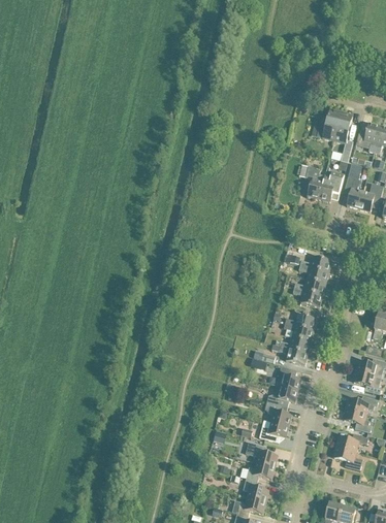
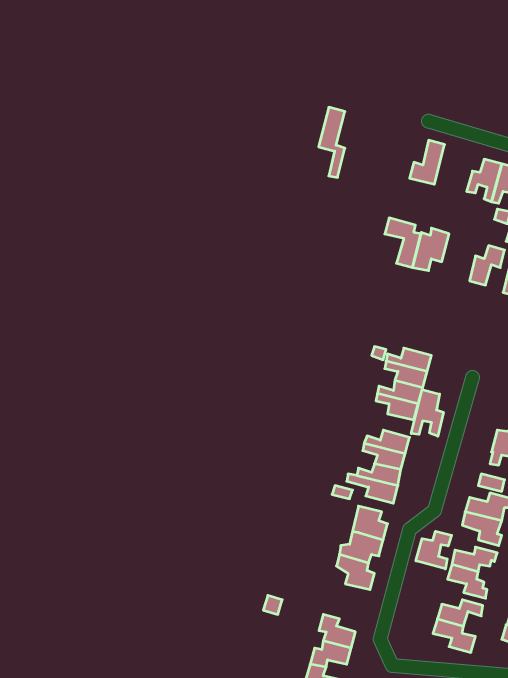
building: [333,111,352,161] -> [319,107,345,177]
building: [344,163,362,207] -> none
building: none -> [411,389,443,436]
building: none -> [416,531,452,569]
building: [259,419,288,442] -> none

